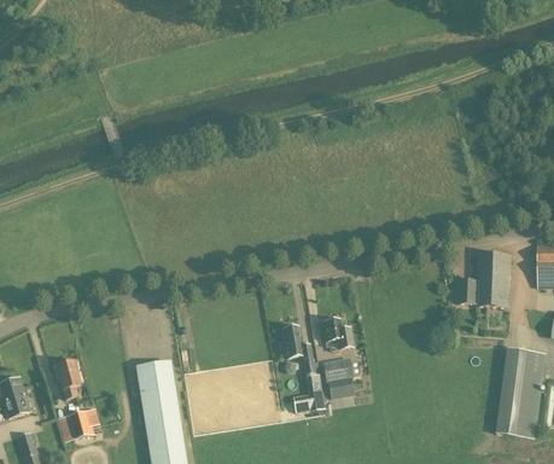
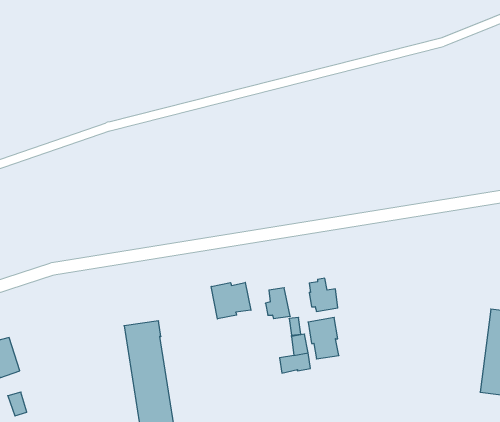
building: [459,253,511,307] -> none
building: none -> [211,282,251,319]
building: [56,361,80,399] -> none
building: [65,410,94,440] -> none

